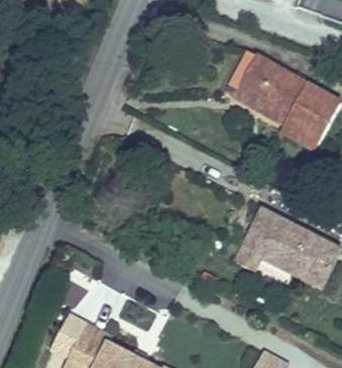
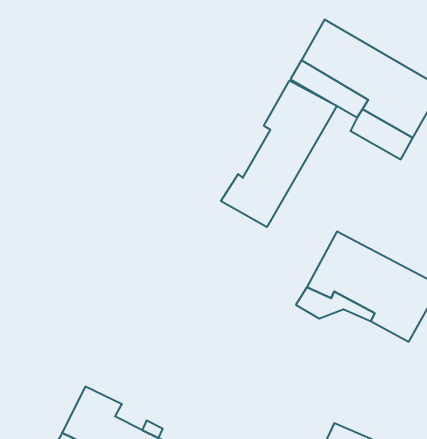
building: none -> [221,81,337,227]

